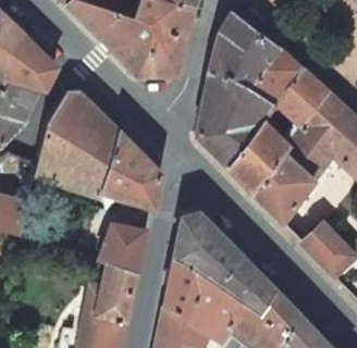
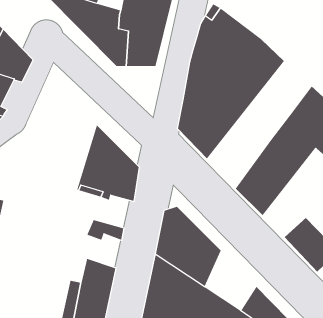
building: [226,69,329,194] -> none
building: [34,91,118,195] -> none
building: [100,238,143,272] -> none
building: [224,254,274,313] -> none

